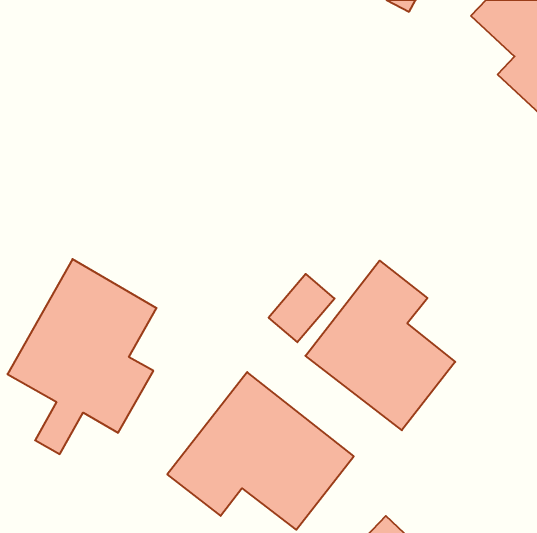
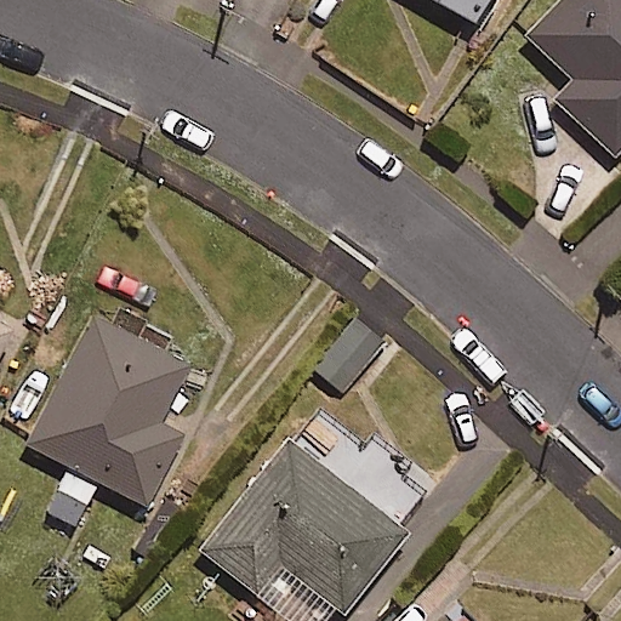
building: [305,261,455,430] -> none

